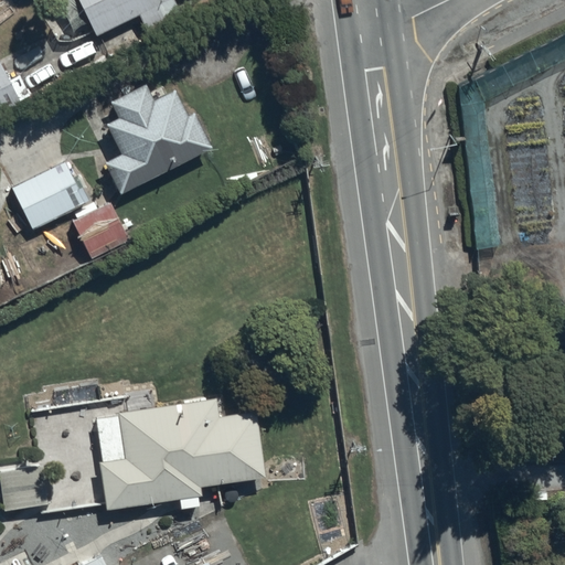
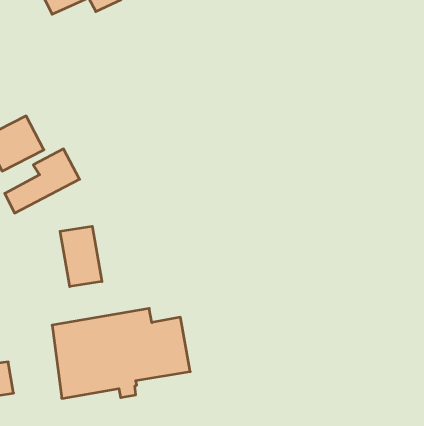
building: [104,84,212,193] -> none
building: none -> [60,226,102,287]

